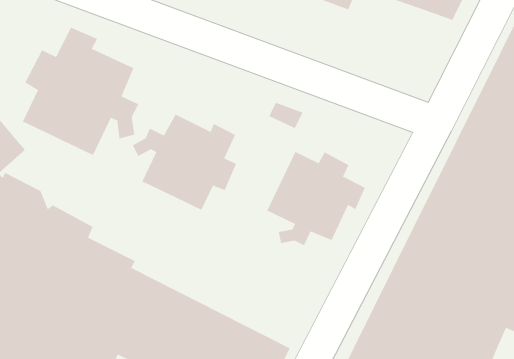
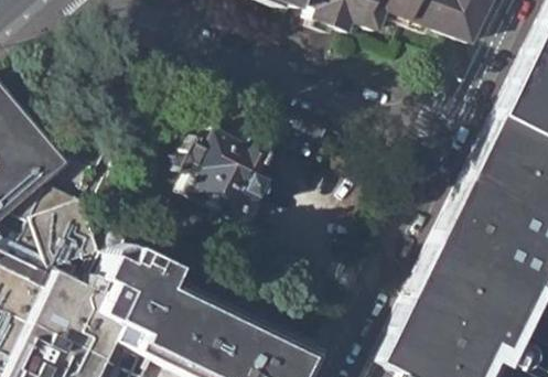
building: [22,27,139,156] -> none
building: [266,151,365,246] -> none

